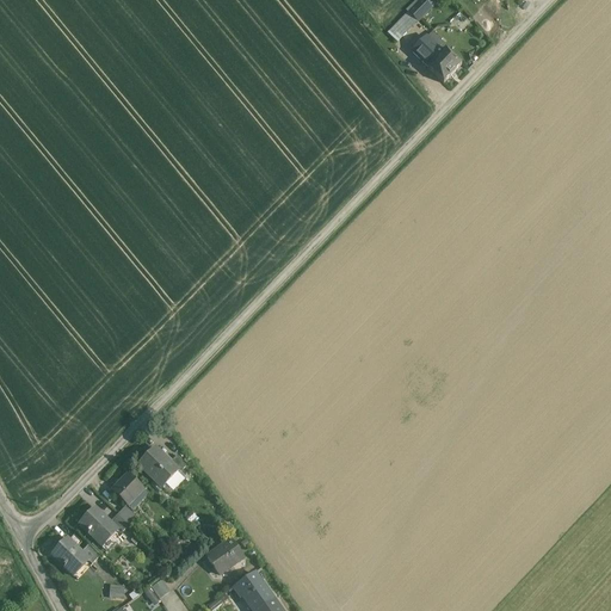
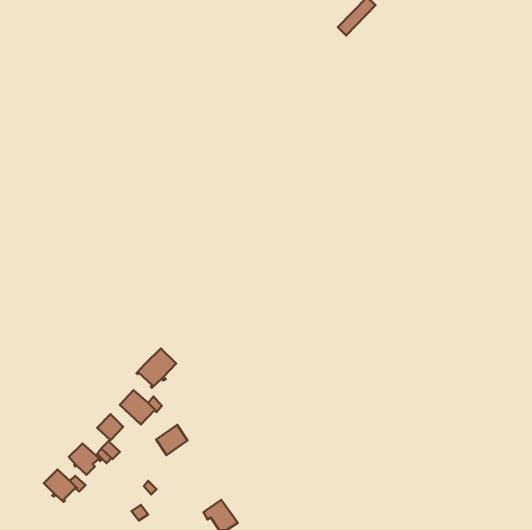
building: [412,36,461,81] -> none
building: none -> [136,349,176,388]
building: [206,538,242,573] -> [156,425,187,455]

